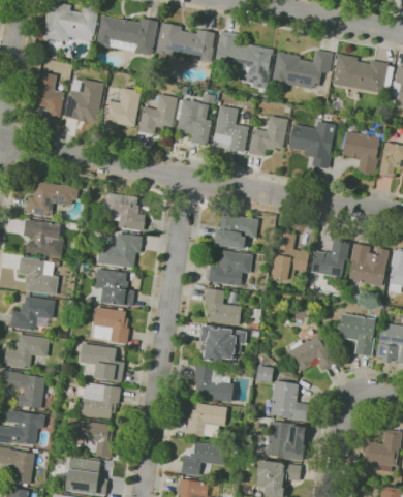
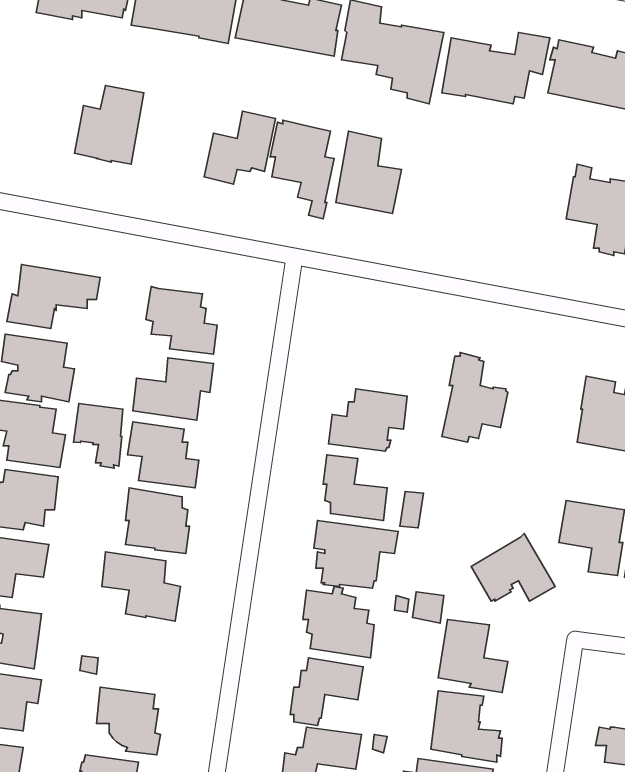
building: [31,70,64,117] -> none
building: [101,87,141,128] -> none
building: [248,115,287,156] -> none
building: [296,119,335,168] -> none
building: [212,213,257,249] -> none
building: [310,241,349,277] -> none
building: none -> [73,403,123,468]
building: [80,381,121,418] -> none

